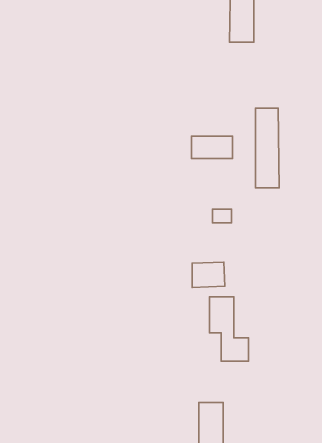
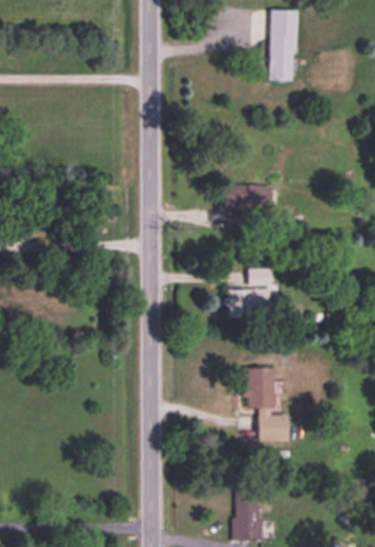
building: [256,108,279,188] -> none
building: [192,262,225,287] -> [230,289,268,318]

